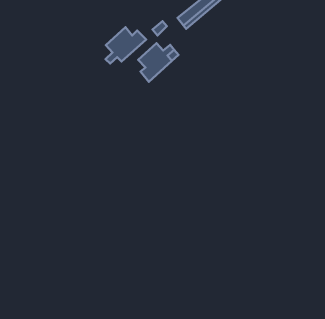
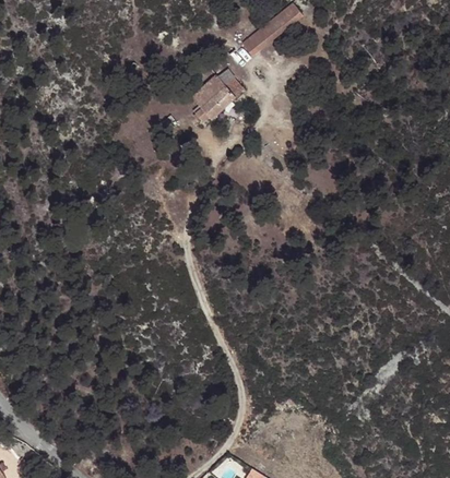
building: [106,27,146,64] -> none

